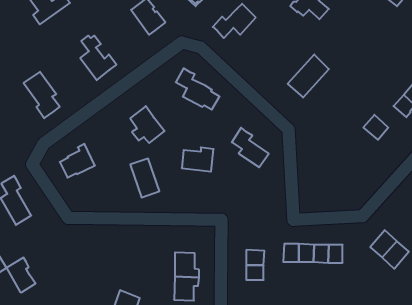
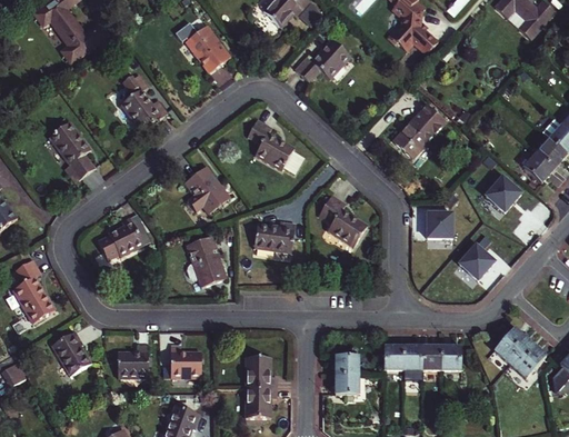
building: none -> [429,215,453,239]
building: none -> [461,247,496,281]
building: none -> [118,345,148,378]
building: none -> [170,347,200,379]
building: [6,258,36,292] -> [54,330,92,375]

